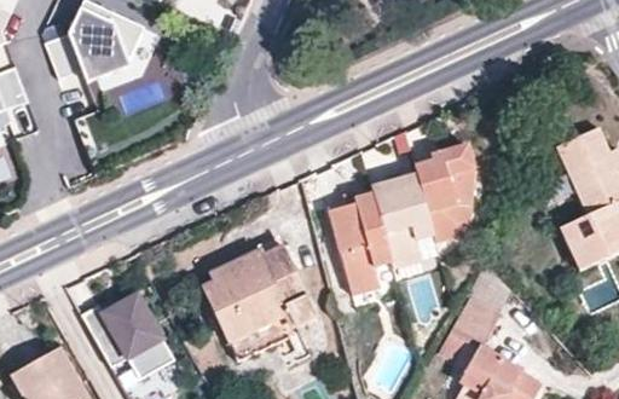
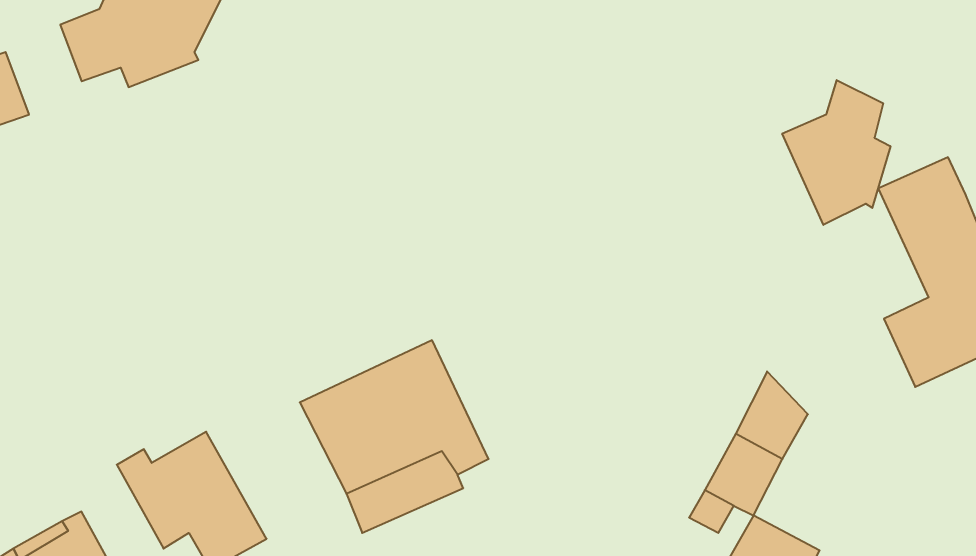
building: none -> [782,80,890,225]
building: [326,148,473,295] -> none

